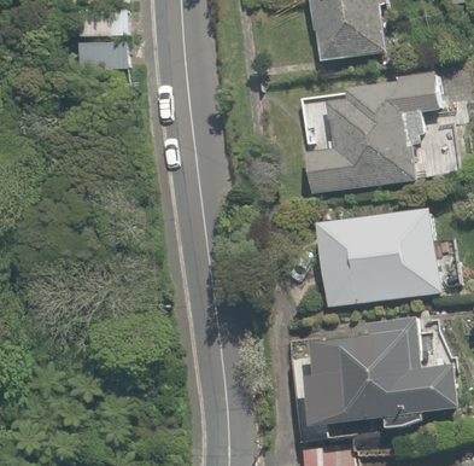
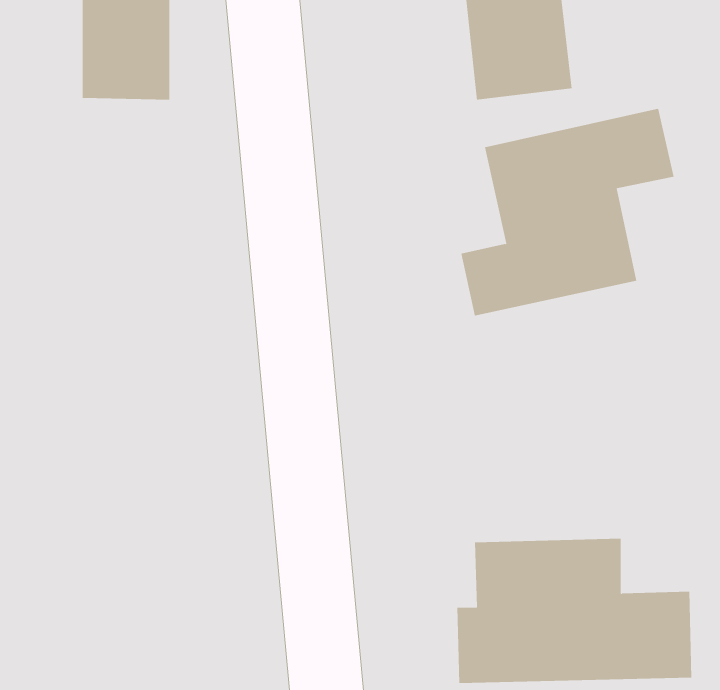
building: [315,206,434,303] -> none

